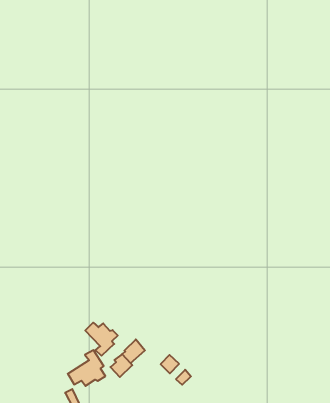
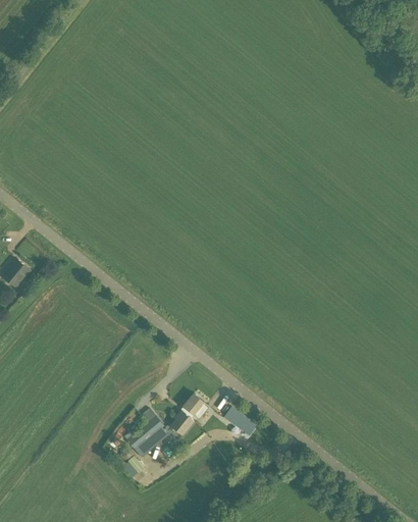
building: [85,323,118,356] -> none

